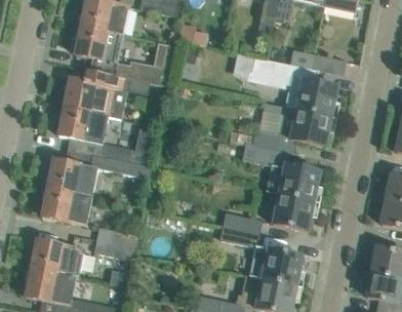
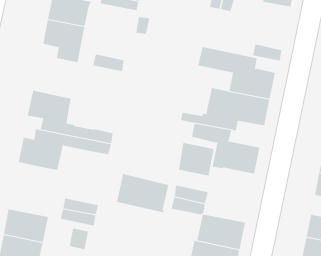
building: [64,68,128,118] -> none
building: [41,187,92,225] -> none
building: [273,193,314,231] -> [178,142,215,176]
building: none -> [116,173,169,213]

